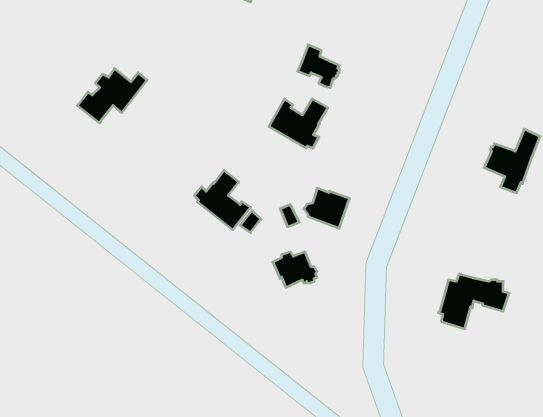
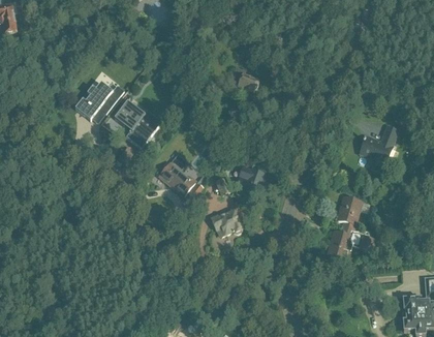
building: none -> [114,99,160,147]
building: [269,99,328,148] -> none
building: none -> [337,195,368,228]

